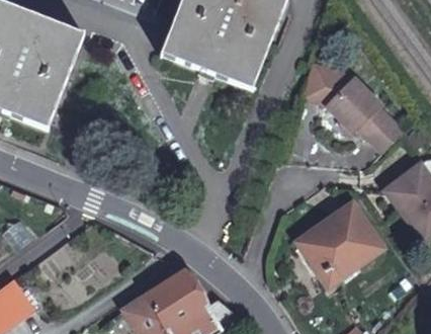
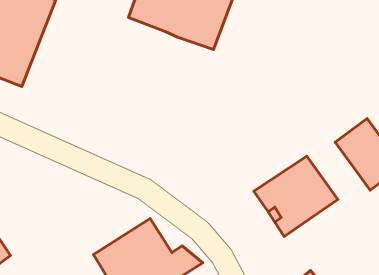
building: [298,64,404,152] -> none

